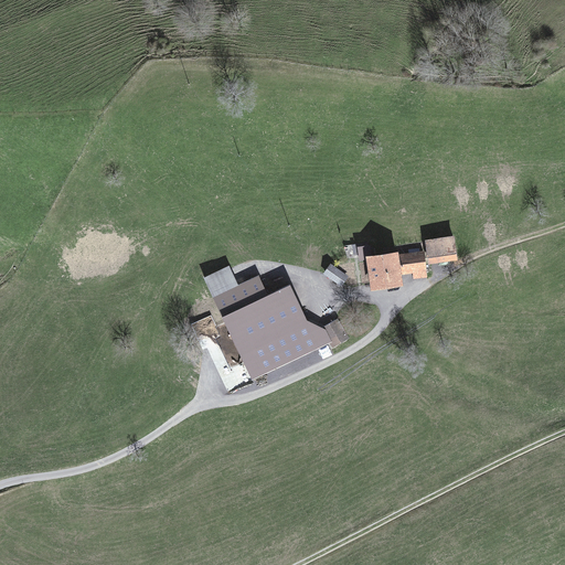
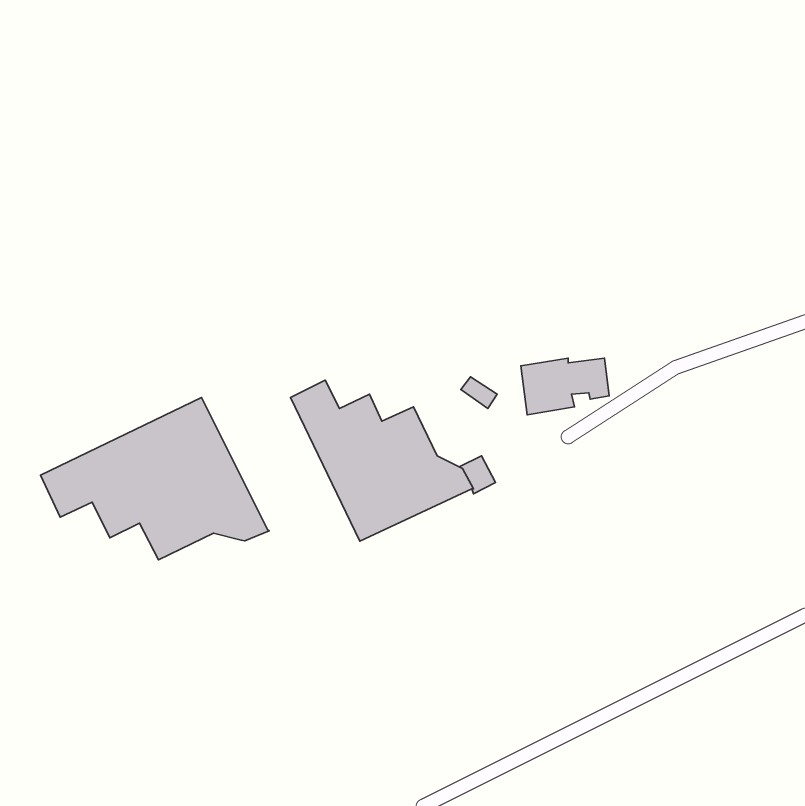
building: [424,235,457,263] -> none
building: none -> [40,398,269,560]

